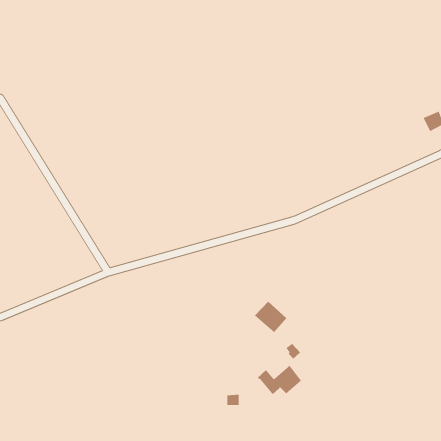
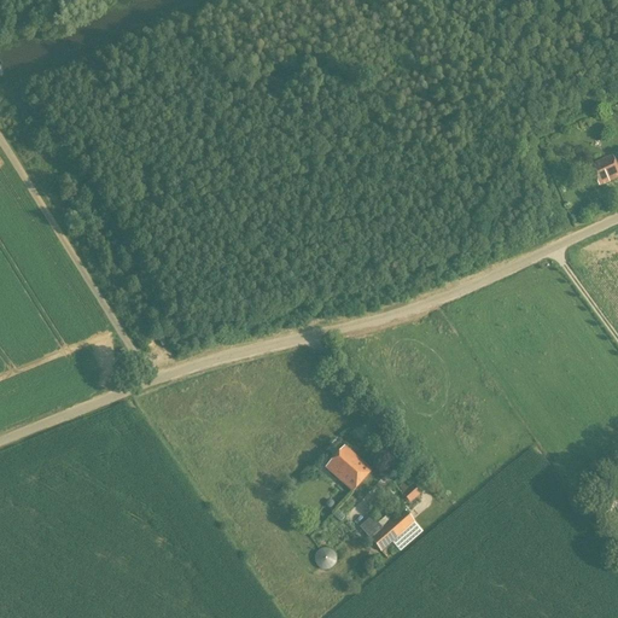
building: [254,301,287,333] -> [326,445,372,490]

